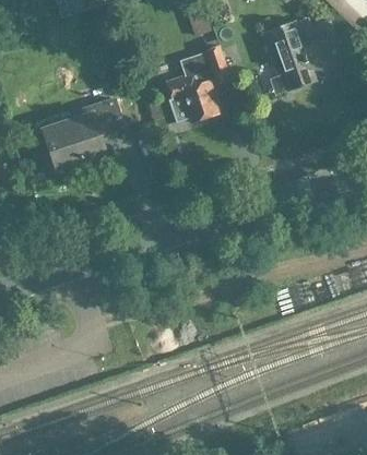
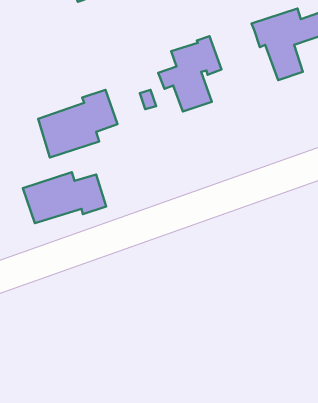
building: none -> [23,172,106,223]

